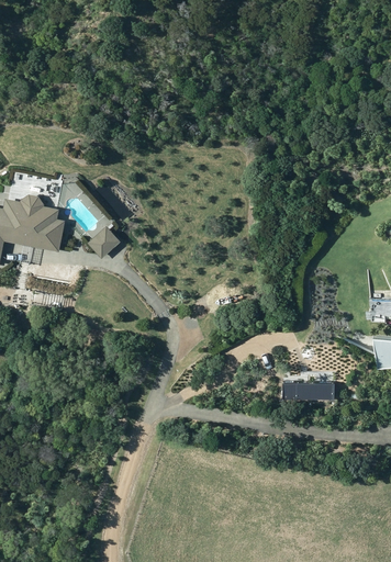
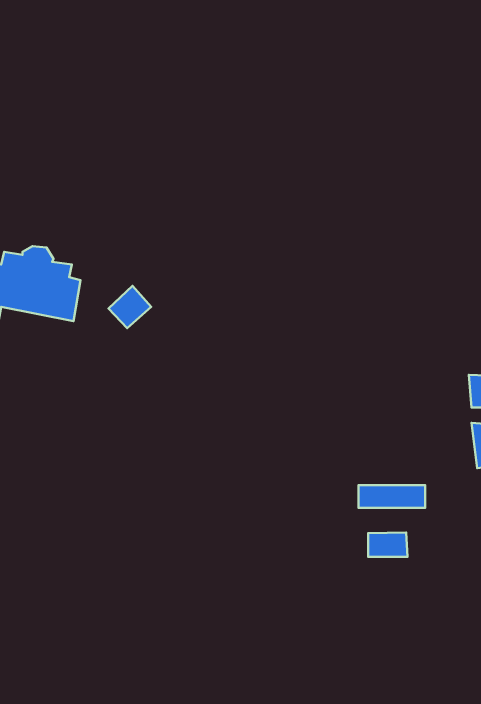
building: none -> [368,532,407,557]

